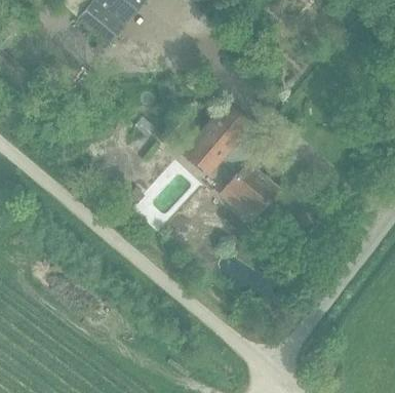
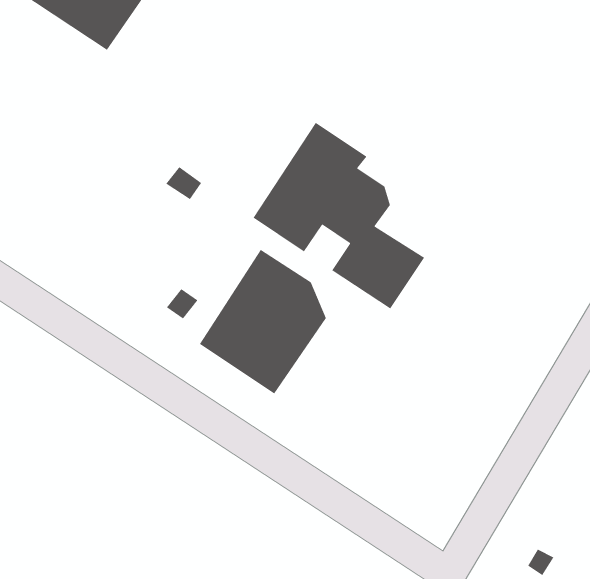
building: none -> [199,249,327,395]

